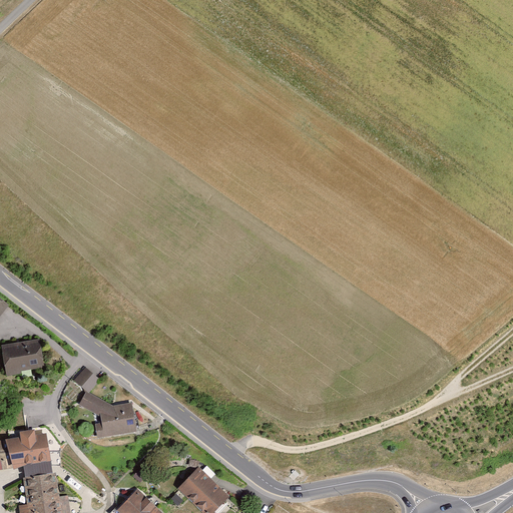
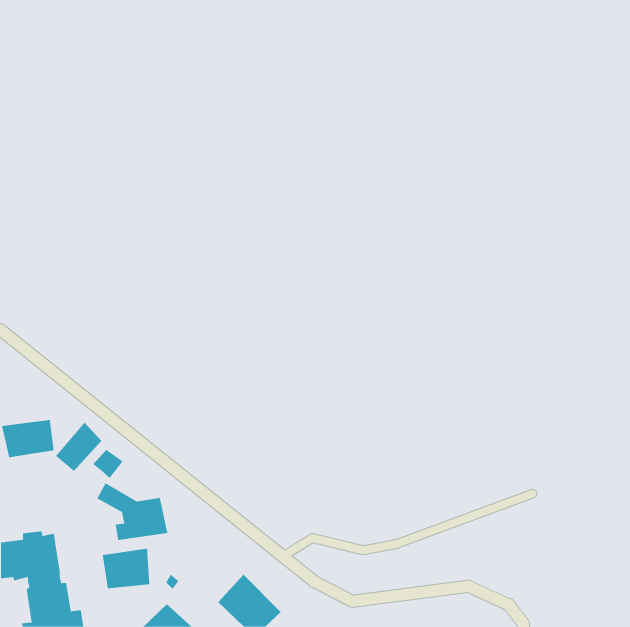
building: none -> [55,422,102,472]
building: none -> [102,548,150,589]

